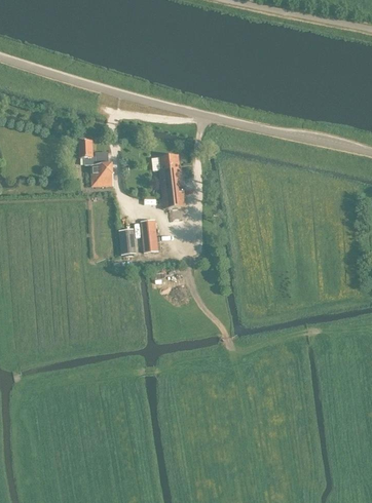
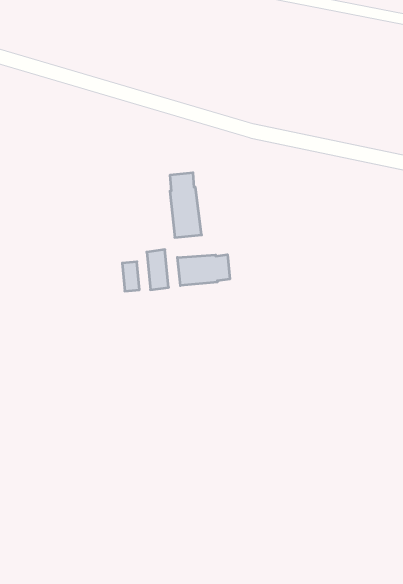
building: [78,140,113,185] -> none
building: none -> [177,255,230,286]

